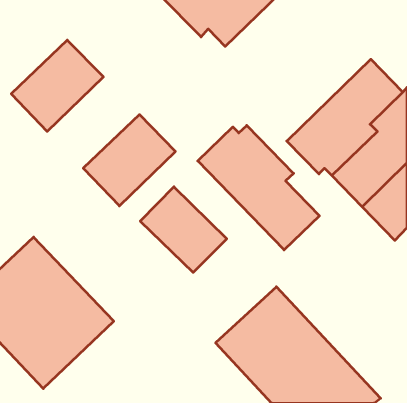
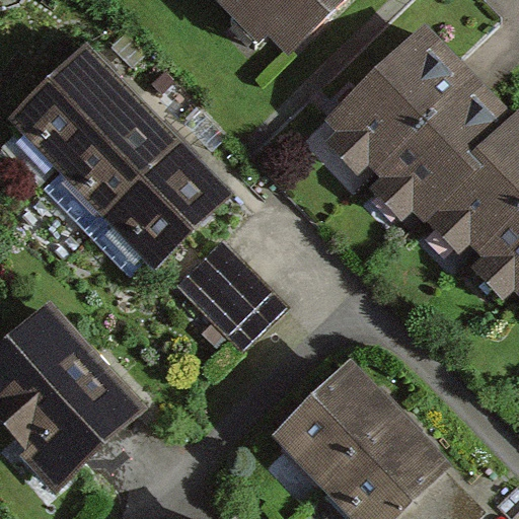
building: none -> [327,26,469,178]
building: none -> [60,97,176,213]
building: [198,125,319,250] -> none

